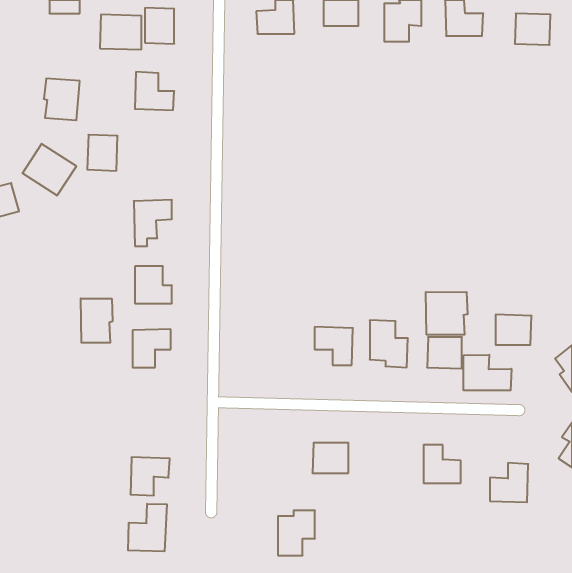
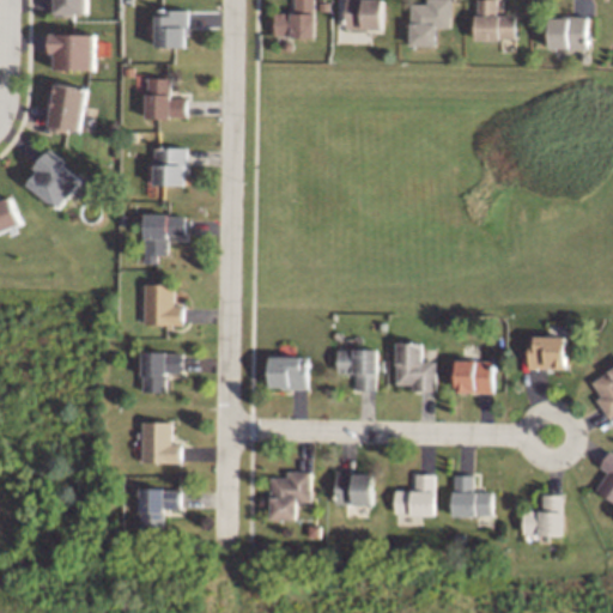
building: [100,15,141,49] -> [49,34,93,71]
building: [87,135,118,171] -> [152,147,184,186]
building: [426,292,468,335] -> none
building: [81,298,112,343] -> none
building: none -> [268,357,306,389]
building: [464,355,511,390] -> none
building: none -> [141,423,181,463]
building: none -> [393,474,433,524]
building: [128,504,167,551] -> none
building: [278,510,315,555] -> [269,472,309,520]

